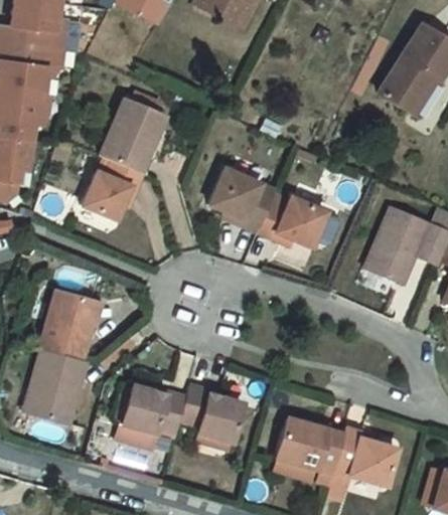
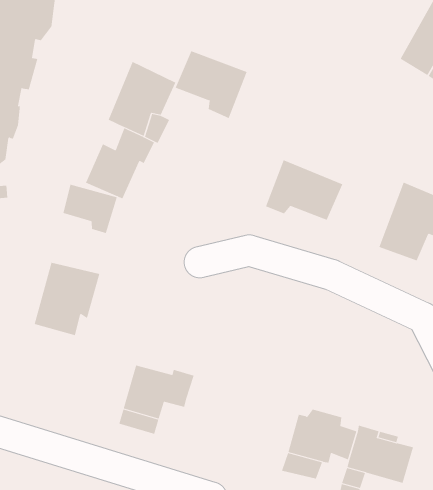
building: [204,168,273,232] -> [175,50,247,119]
building: none -> [63,184,117,234]
building: [29,344,84,419] -> none
building: [182,379,243,442] -> none

